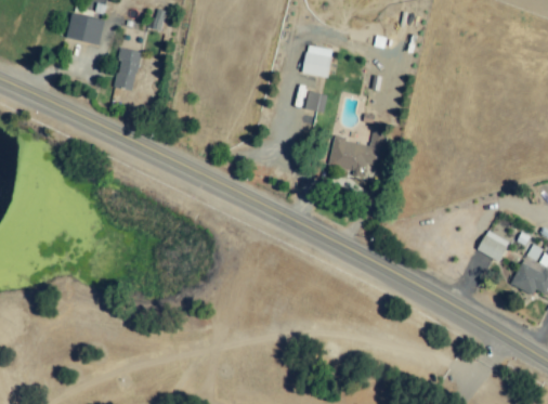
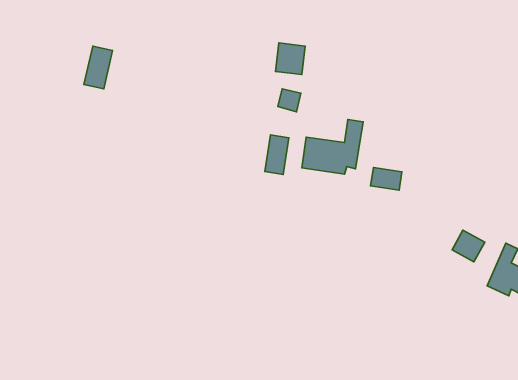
building: [66,12,105,44] -> none
building: none -> [265,135,289,174]
building: none -> [371,167,402,190]

